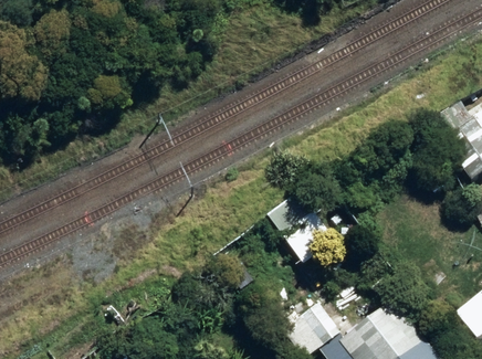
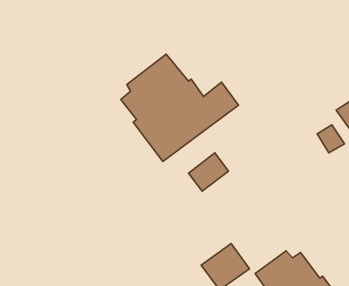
building: none -> [121,54,238,162]

